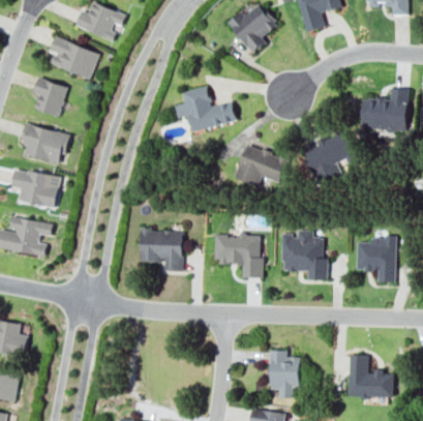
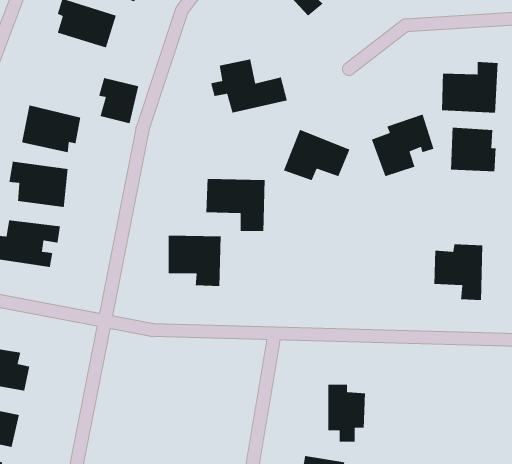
building: [33,79,66,117] -> [98,77,139,124]
building: none -> [450,127,496,172]
building: [280,231,327,280] -> none
building: [213,235,262,278] -> [205,178,265,232]
building: [346,355,392,398] -> none

